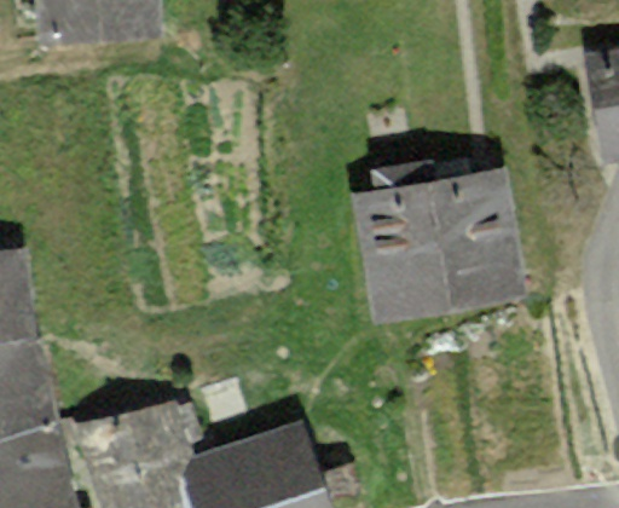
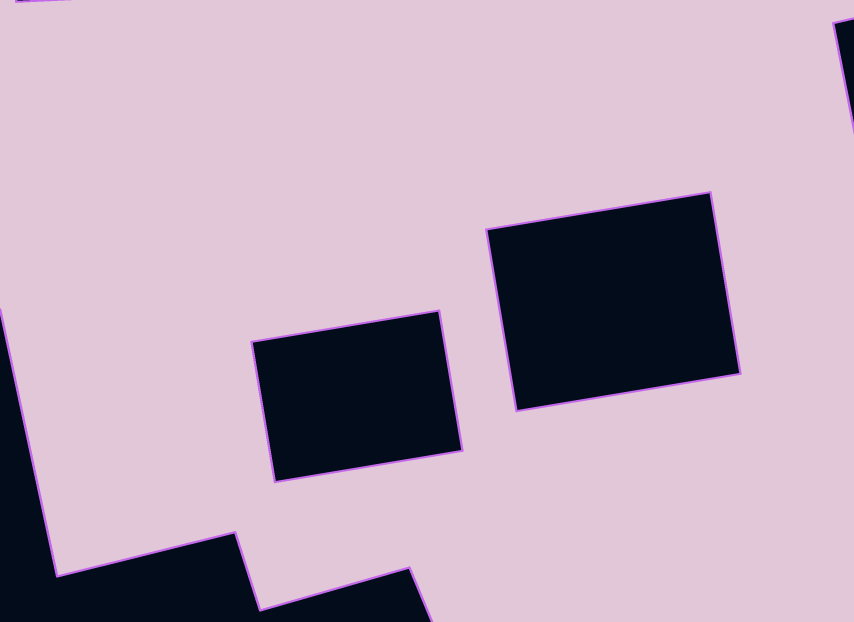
building: none -> [251,311,463,482]

